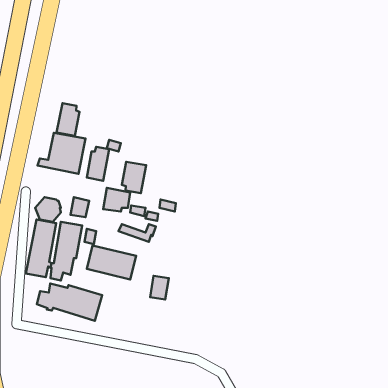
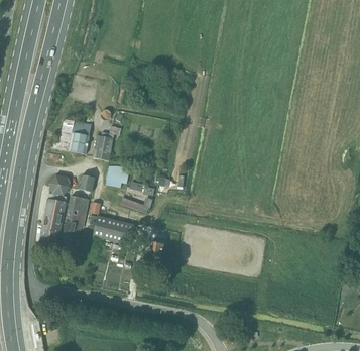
building: [57,103,80,136] -> none
building: [122,162,146,193] -> none
building: [37,283,102,321] -> none

